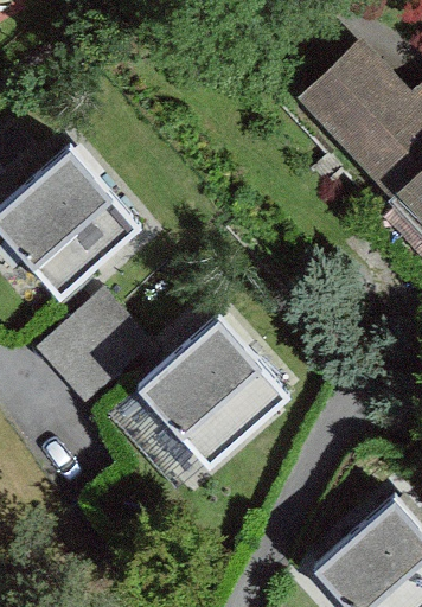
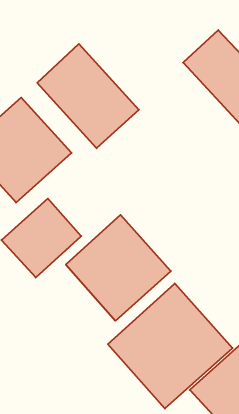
building: none -> [37,44,139,148]
building: none -> [108,283,233,409]

